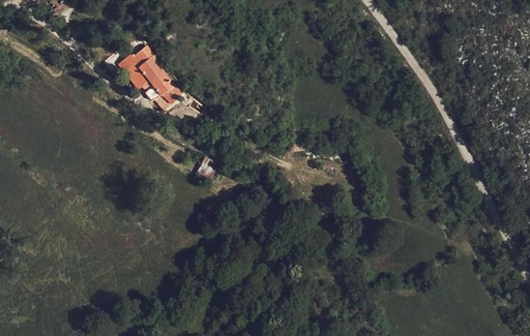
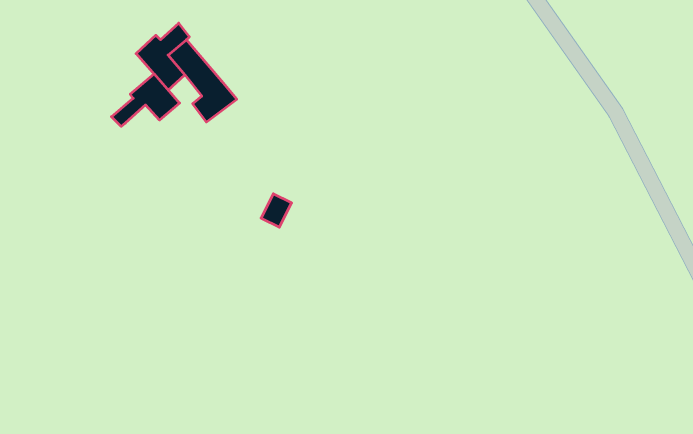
building: none -> [111,74,180,126]

